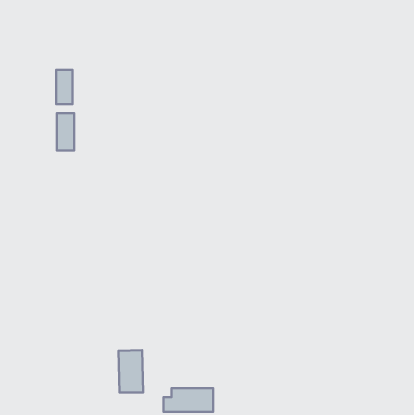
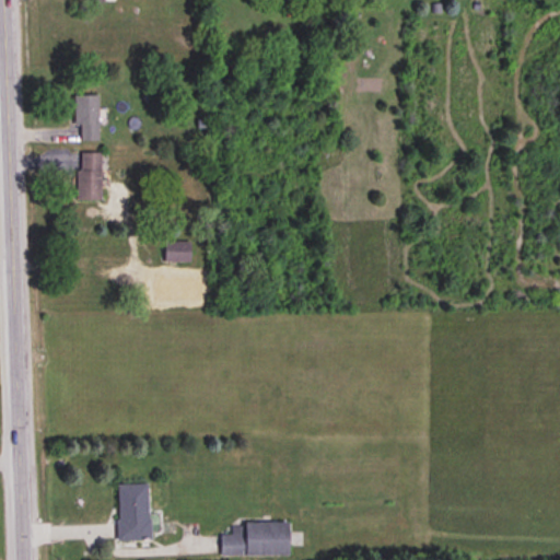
building: none -> [165,242,191,261]
building: [119,350,143,392] -> [118,482,151,539]

